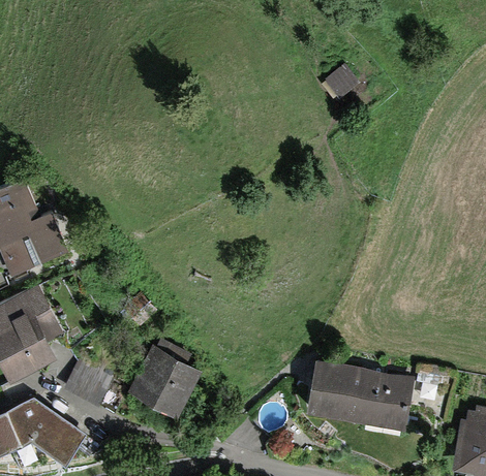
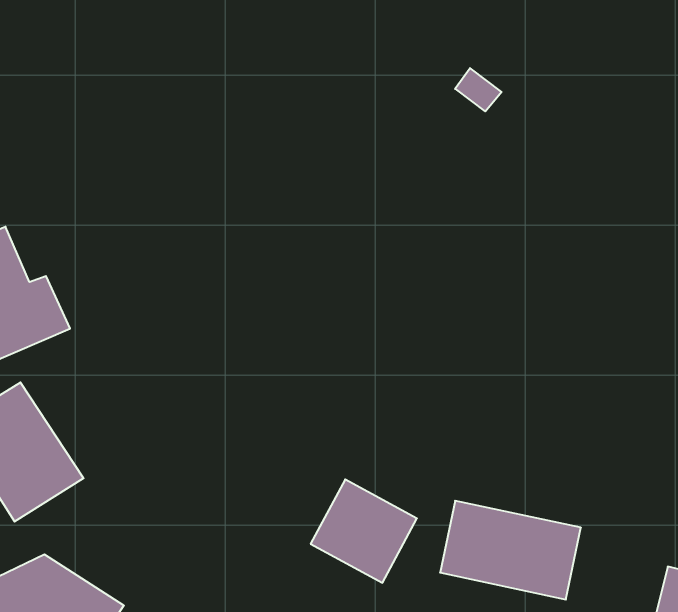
building: [121,342,194,413] -> [311,479,417,583]
building: [63,362,115,409] -> none

